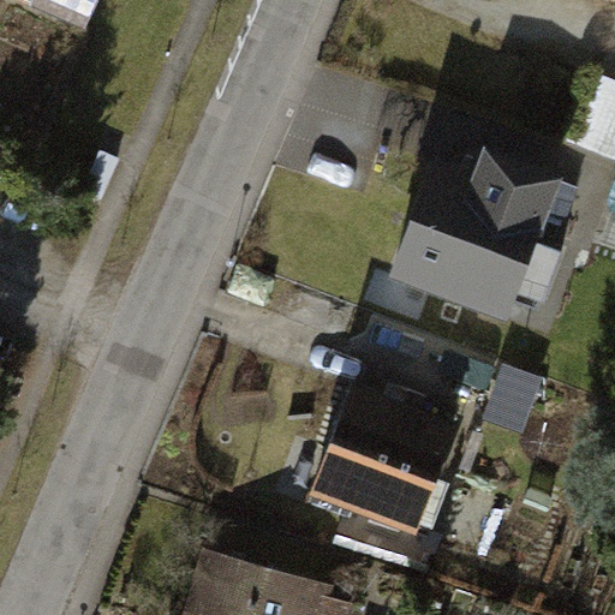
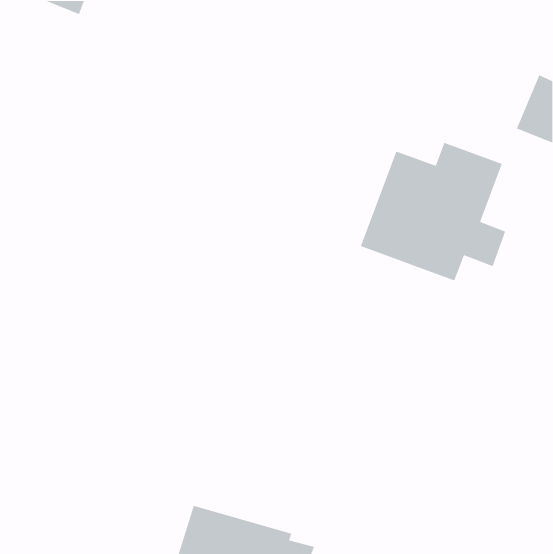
building: [312,389,453,532] -> none

